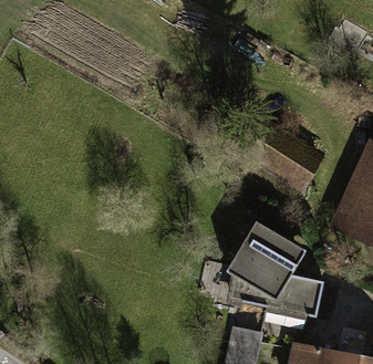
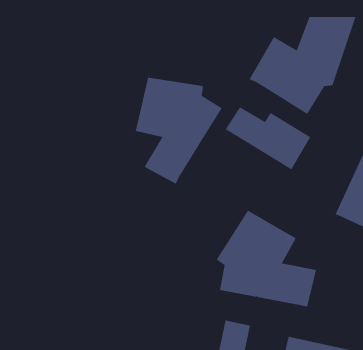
building: none -> [249,16,356,115]
building: none -> [135,77,223,184]

